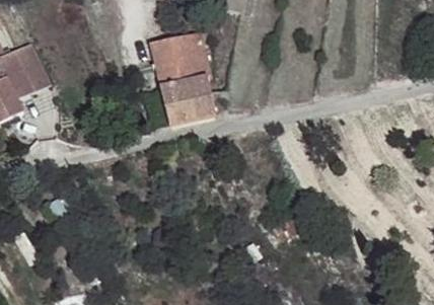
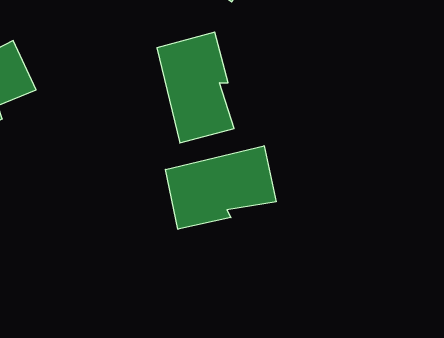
building: none -> [165,146,276,229]

